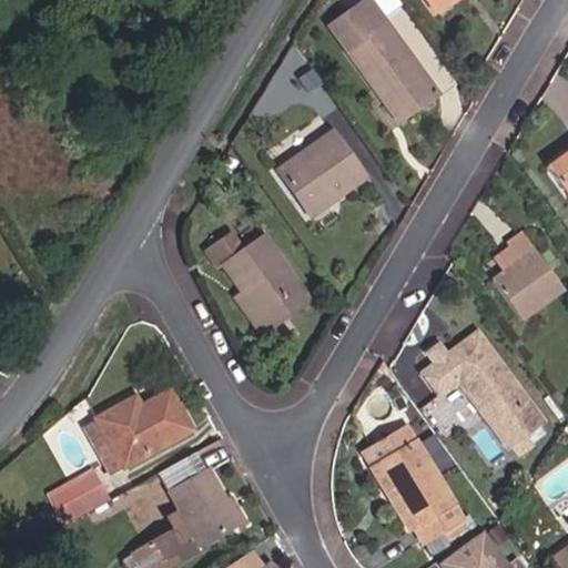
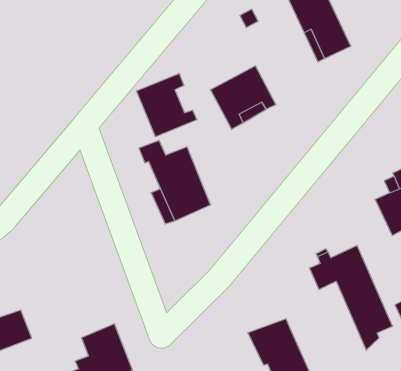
building: none -> [136,73,197,137]
building: [93,396,187,480] -> none

